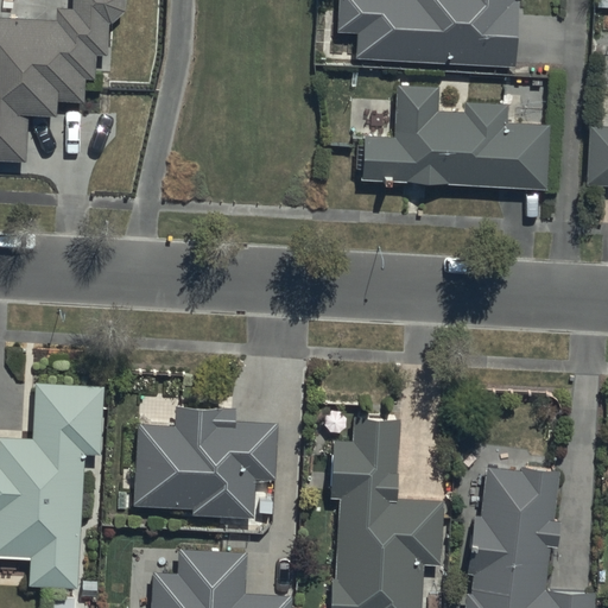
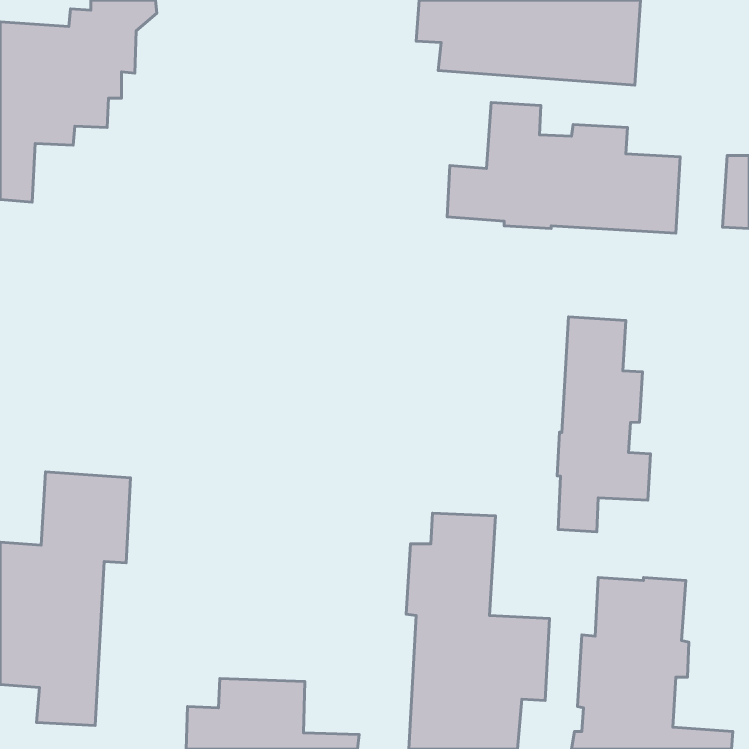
building: none -> [557,317,651,532]
building: [135,406,277,517] -> none

